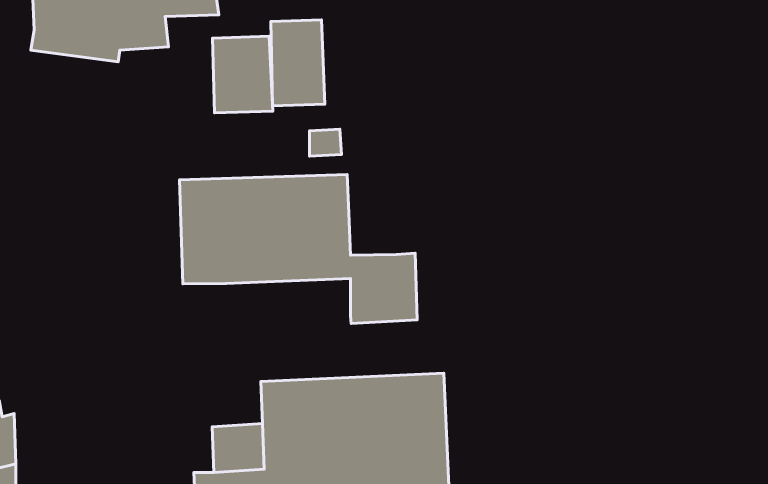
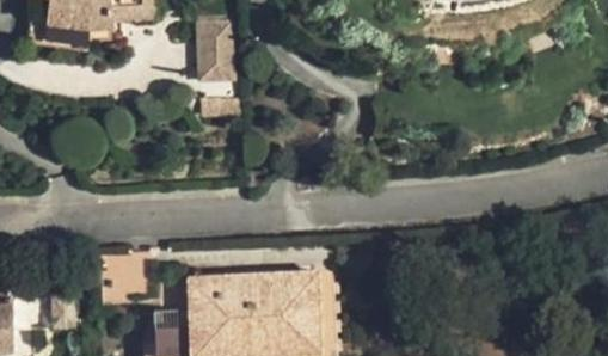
building: [213,36,273,113] -> none
building: [179,175,417,323] -> none

